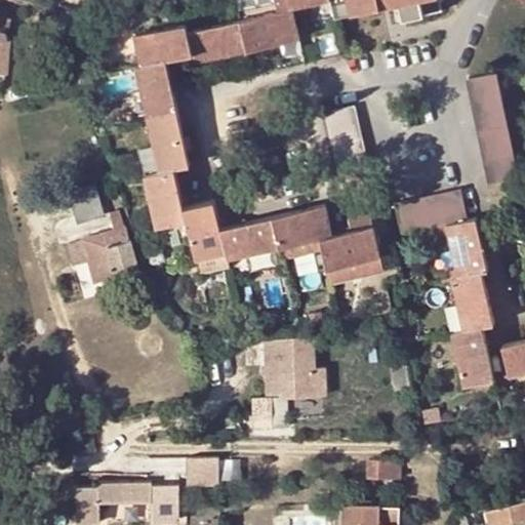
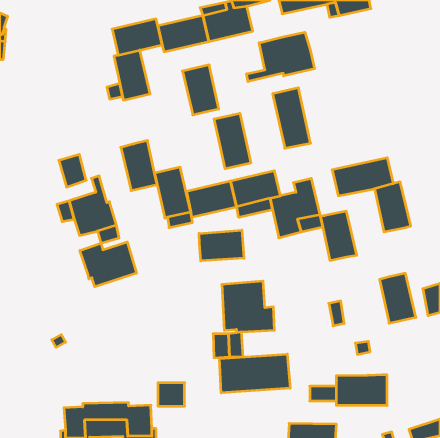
building: none -> [247,32,314,82]
building: [466,75,519,185] -> none
building: [147,115,190,174] -> [182,65,219,115]
building: none -> [214,113,251,169]
building: [451,274,494,332] -> [320,211,357,260]
building: none -> [199,230,244,261]
building: none -> [80,242,136,287]
building: none -> [219,354,290,393]
building: none -> [336,375,387,406]

